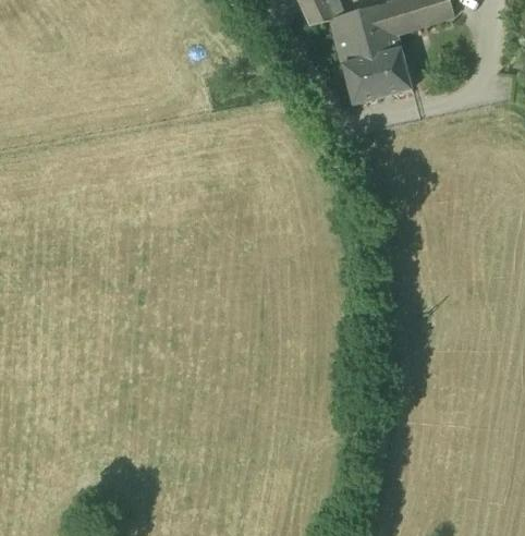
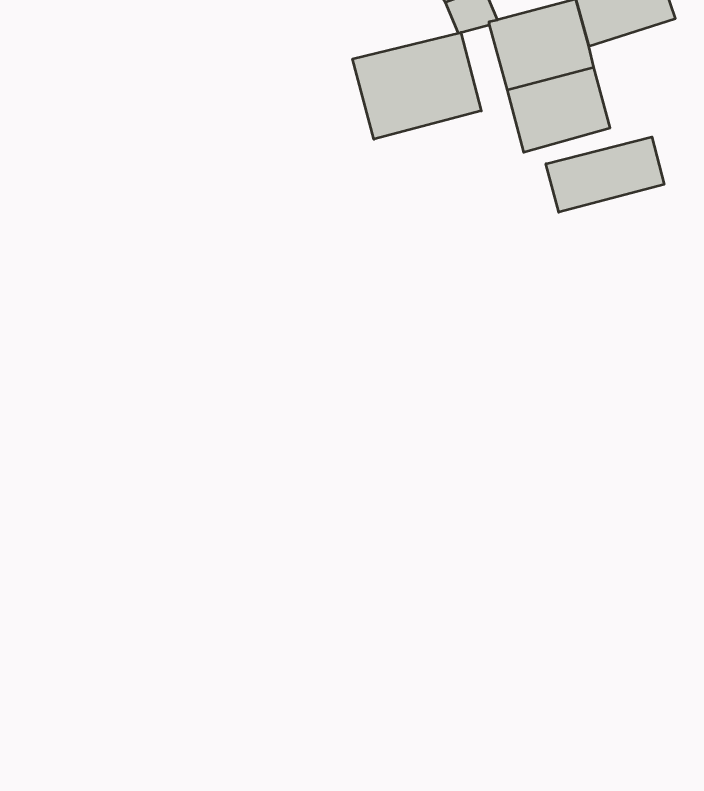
building: none -> [353,32,481,139]
building: none -> [546,137,664,212]

